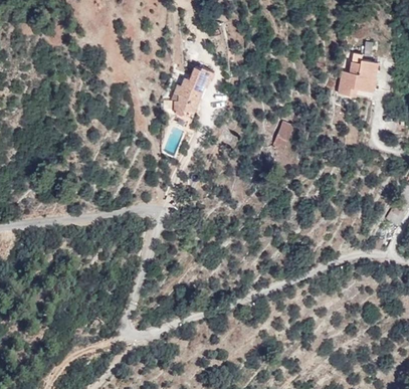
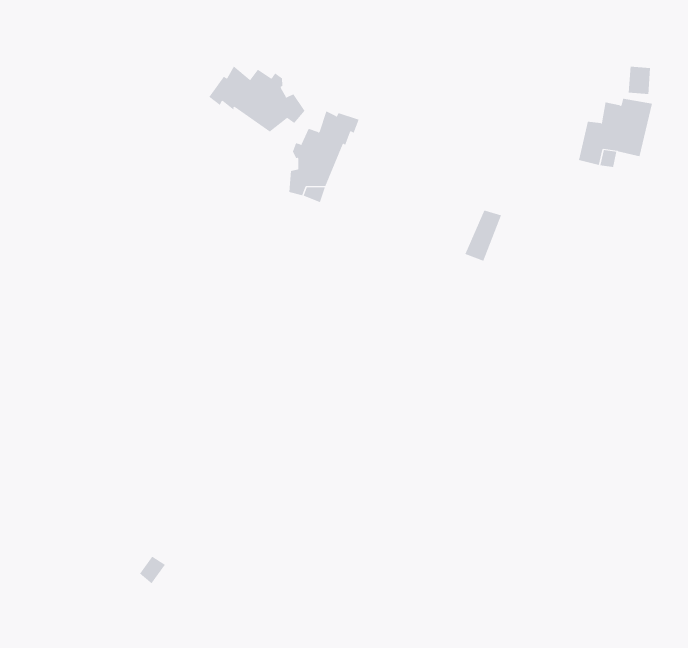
building: none -> [208,66,305,132]

